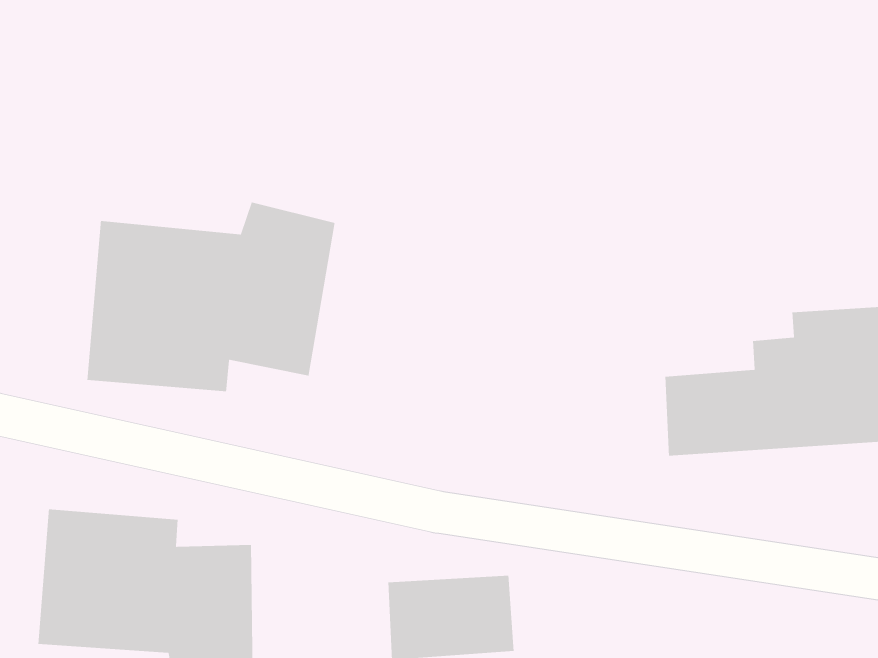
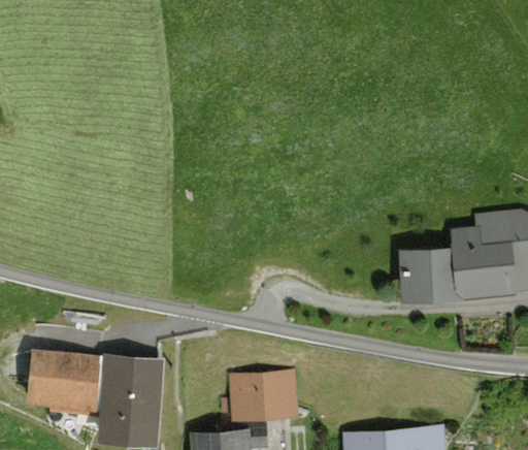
building: [86,201,335,392] -> none

